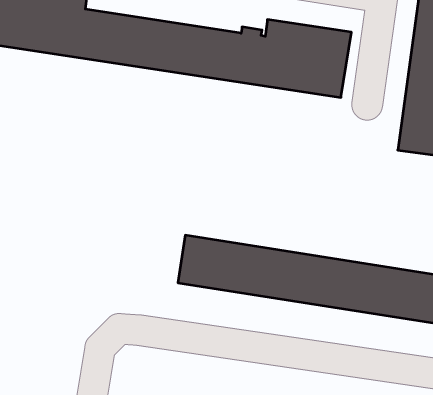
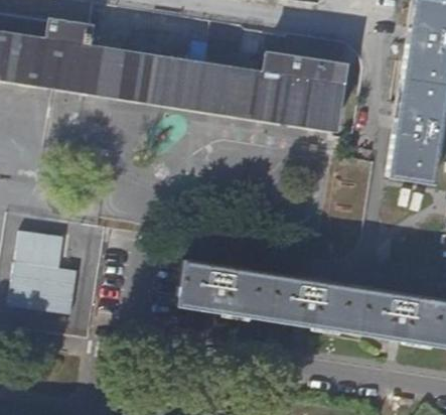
building: none -> [13,232,81,314]

